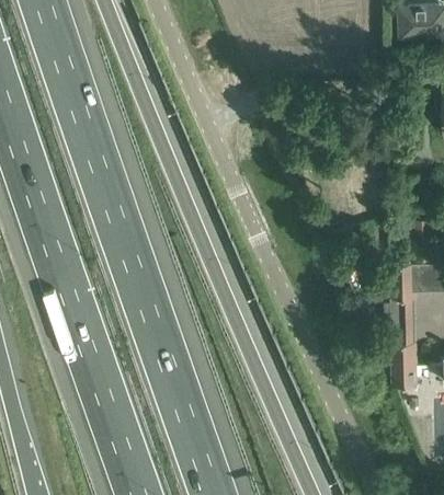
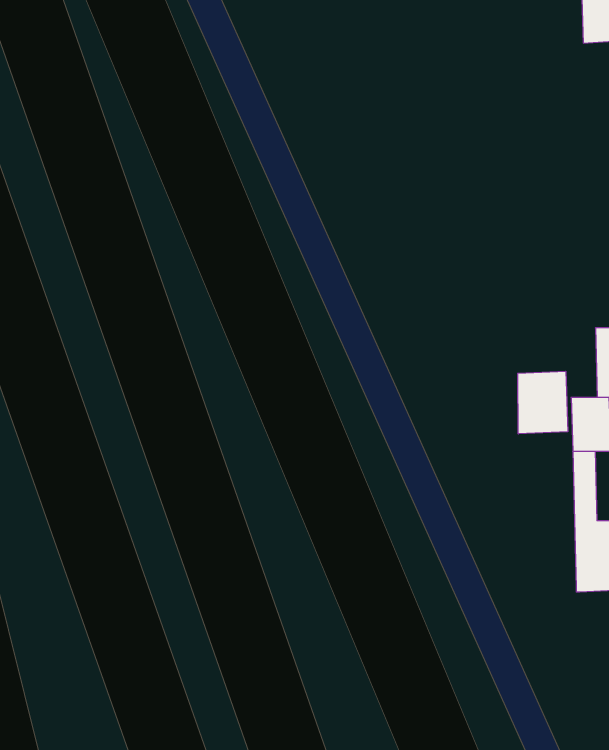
building: none -> [518,371,568,434]

